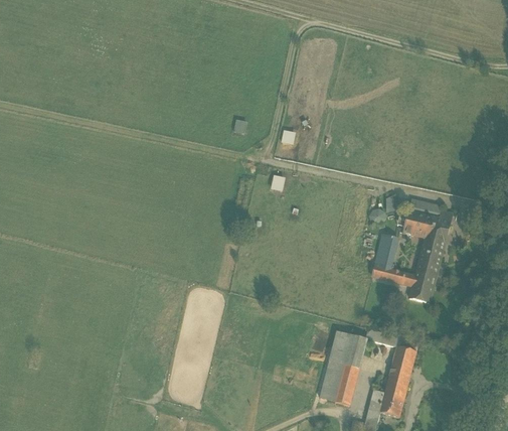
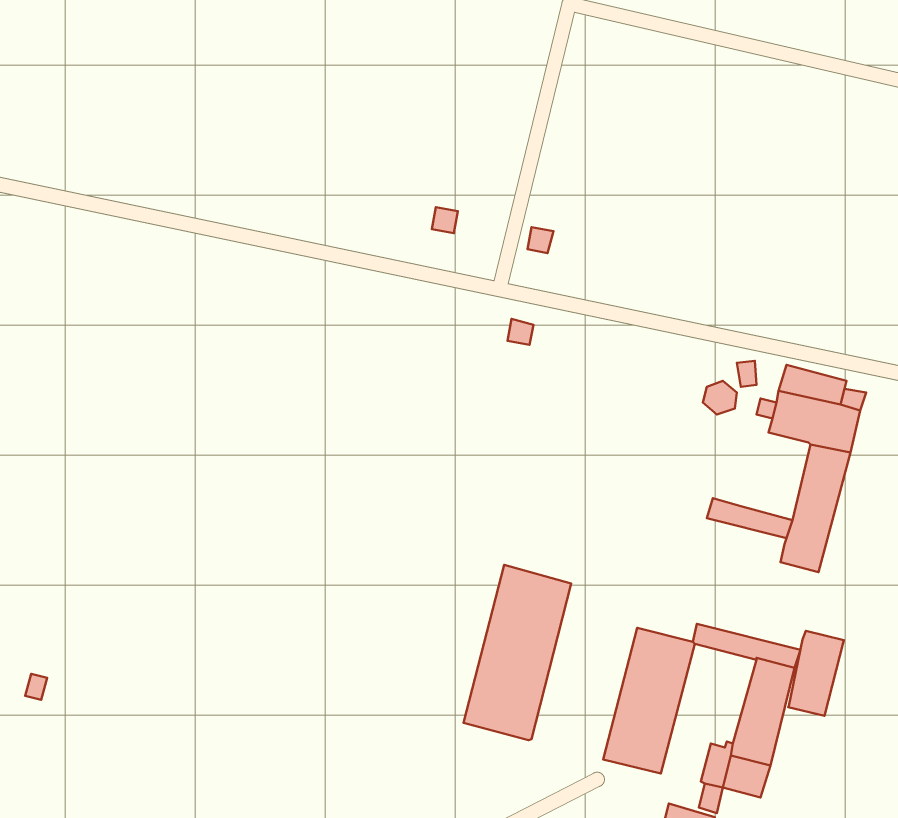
building: [375,235,397,270] -> none
building: none -> [463,565,571,740]
building: none -> [788,631,844,716]

